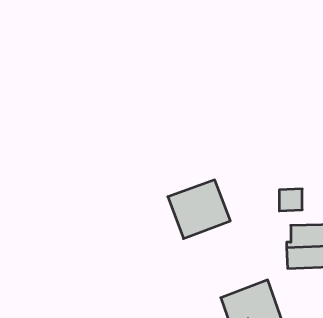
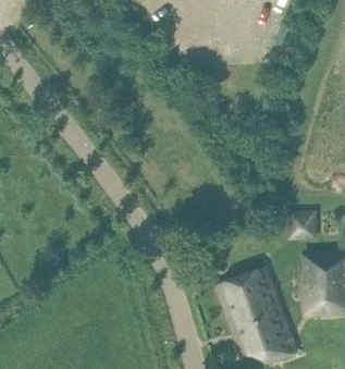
building: [168,180,230,239] -> [215,268,281,329]

